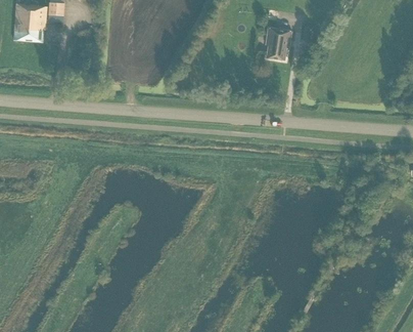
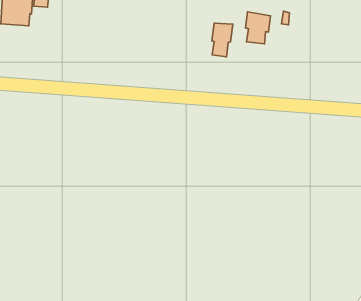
building: none -> [212,23,233,57]

